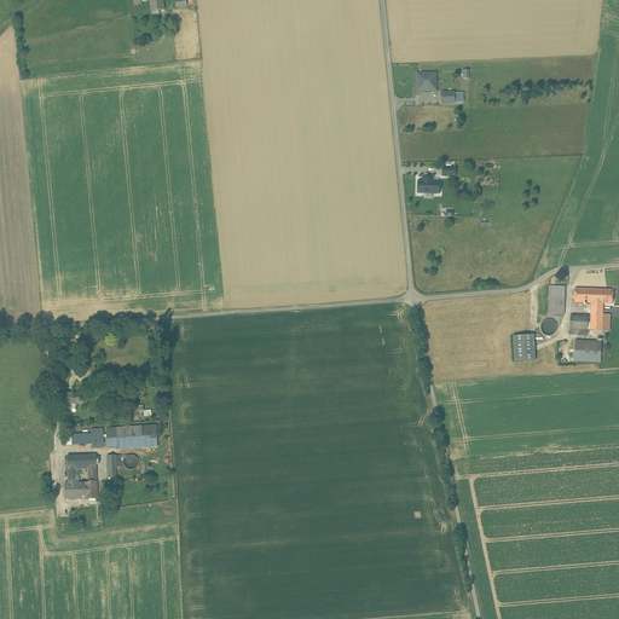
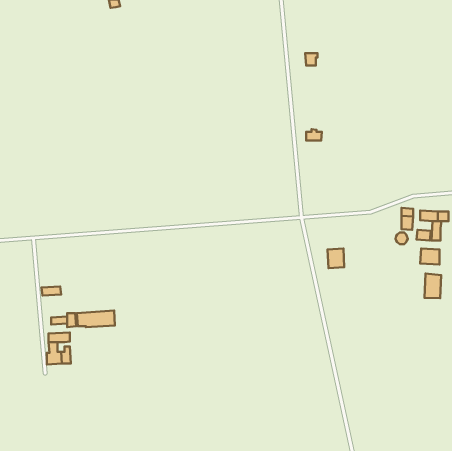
building: [513,334,536,360] -> [327,249,344,268]
building: none -> [424,273,441,298]

